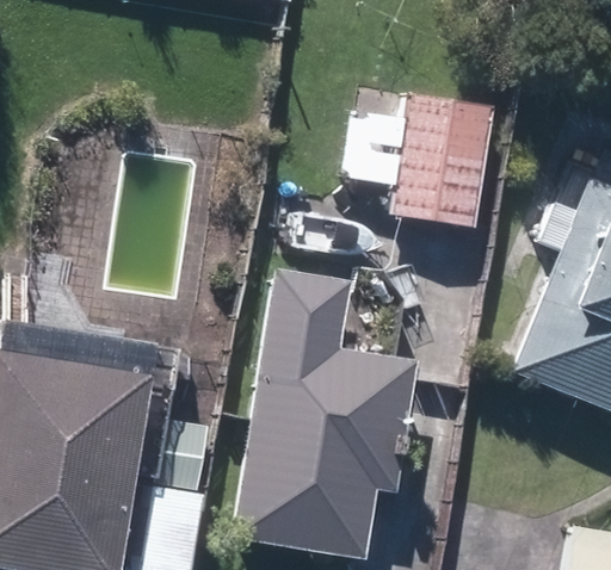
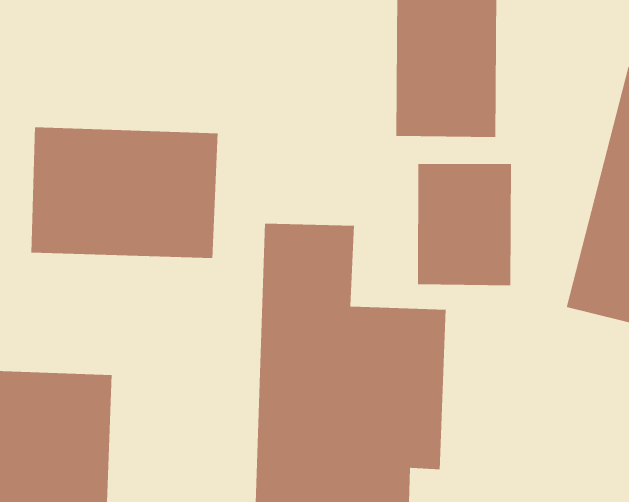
building: none -> [30,127,218,259]
building: none -> [417,163,512,286]

